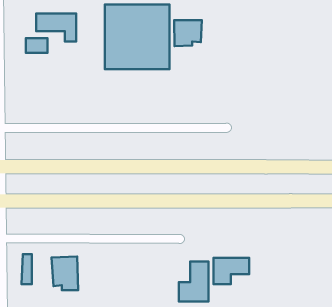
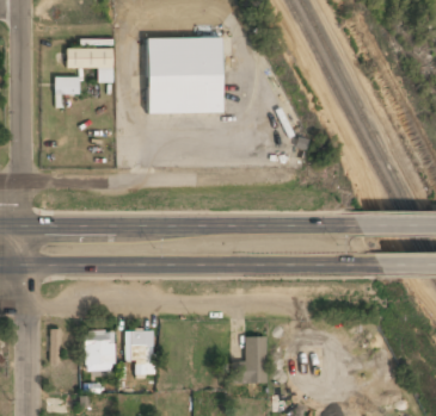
building: [174,20,202,46] -> none
building: none -> [118,331,155,374]
building: [213,258,249,284] -> none

